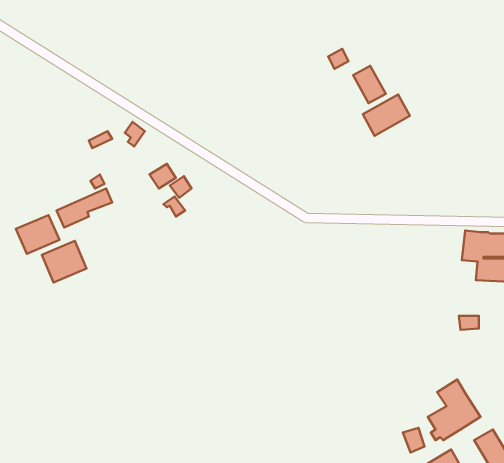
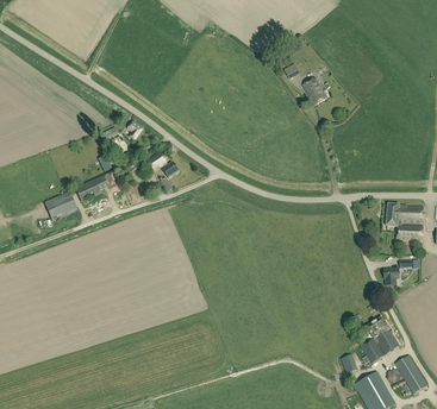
building: [363,95,410,136] -> none
building: [42,241,86,282] -> none

